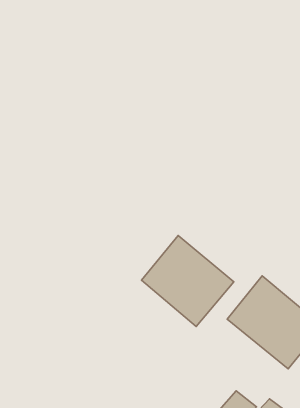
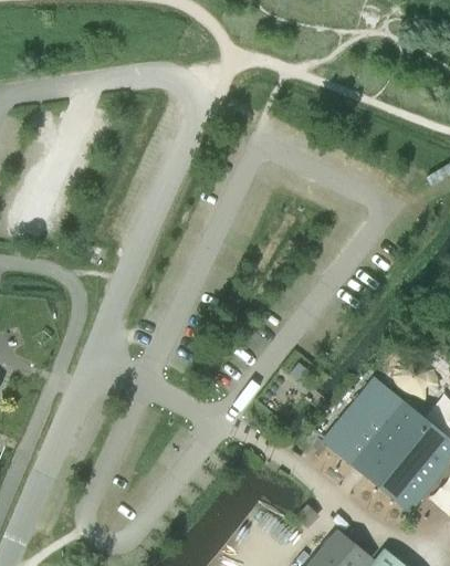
building: [141,236,234,326] -> none

